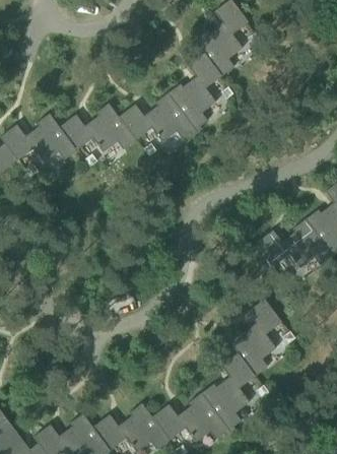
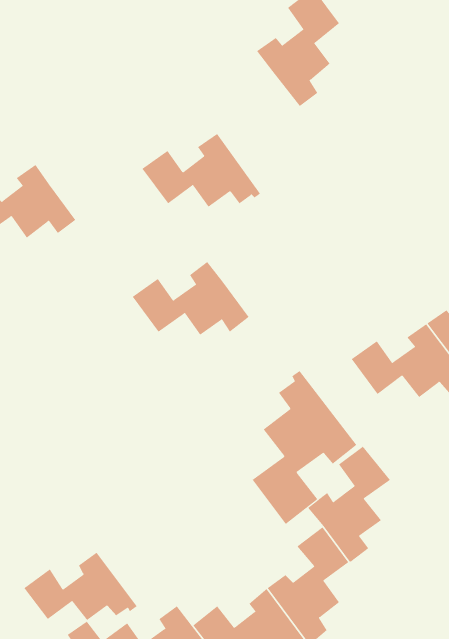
building: [167,53,221,133] -> none
building: [58,104,135,152] -> [132,261,250,335]
building: none -> [252,370,357,525]
building: none -> [24,552,138,621]

